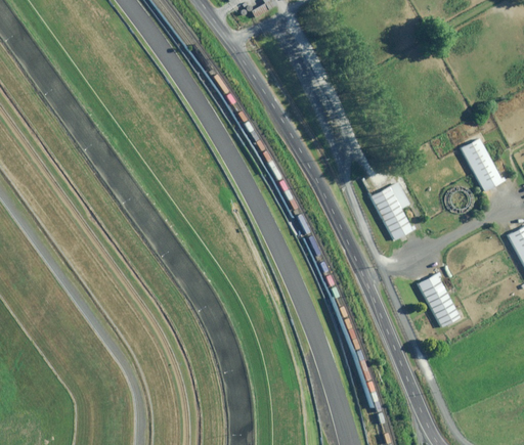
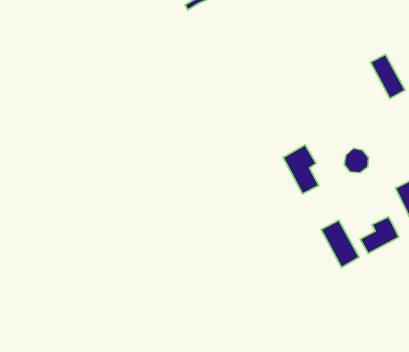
building: [460,138,501,191] -> [370,55,405,99]
building: none -> [360,217,399,253]

